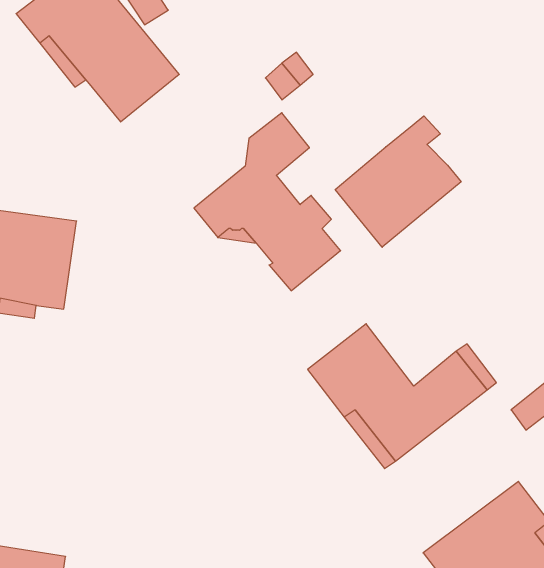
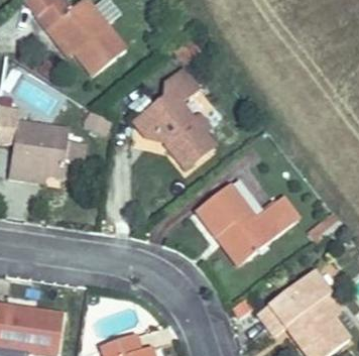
building: [335,116,461,247] -> none

